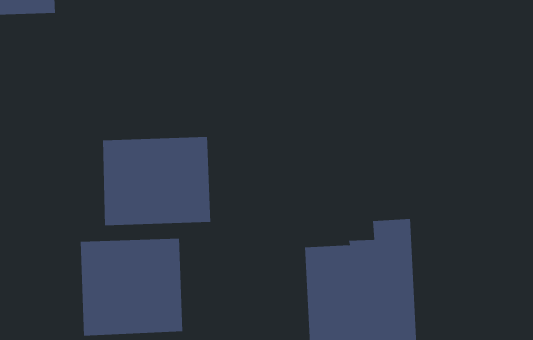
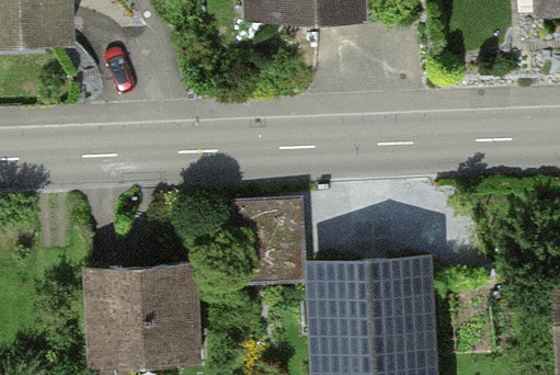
building: [102,136,211,226] -> none

